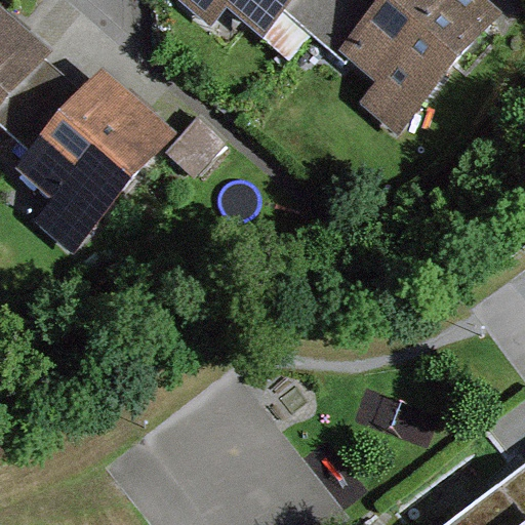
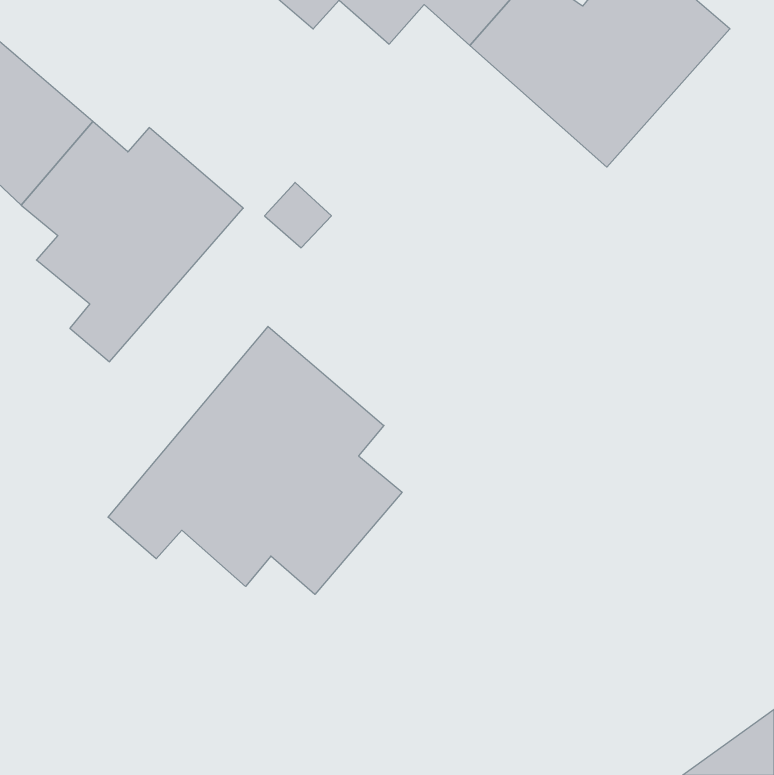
building: none -> [108,326,402,594]

